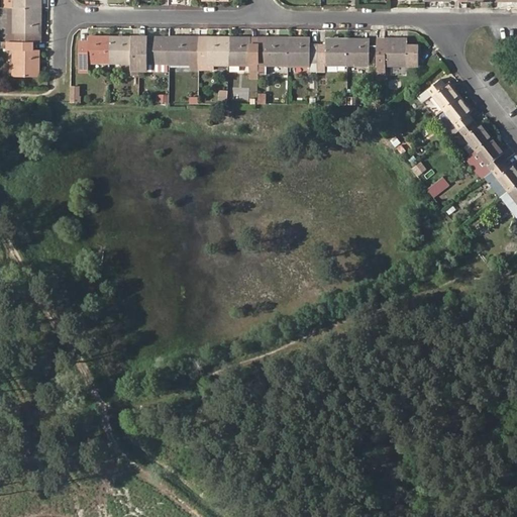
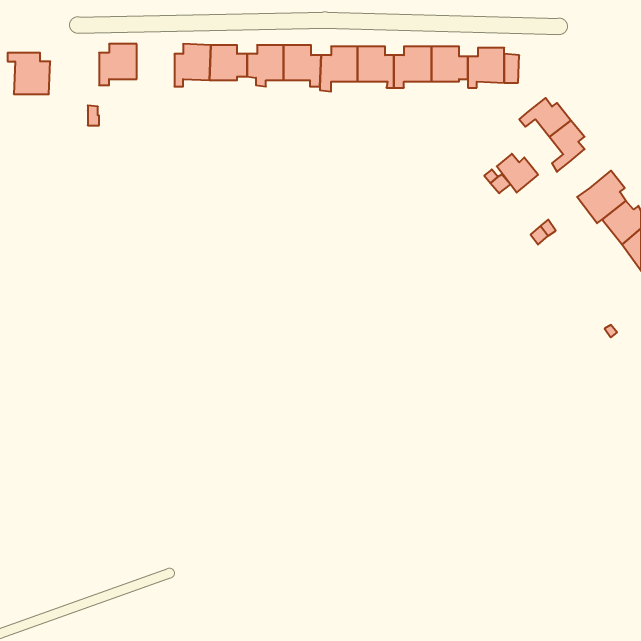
building: [6,7,40,42] -> none
building: [110,35,140,70] -> none
building: [458,120,492,151] -> [497,154,538,193]

